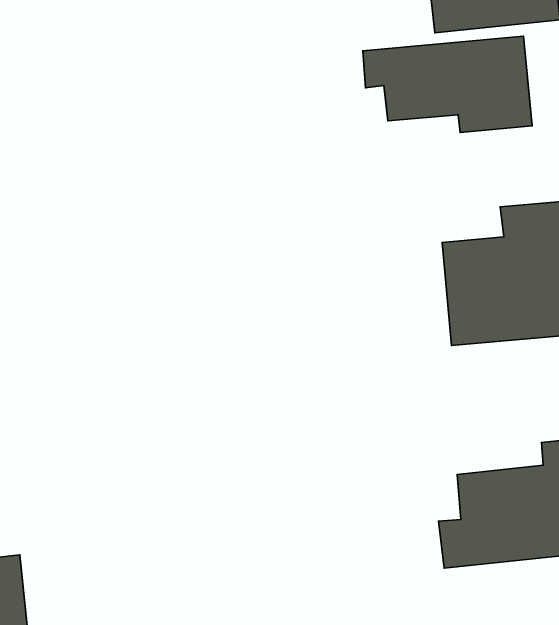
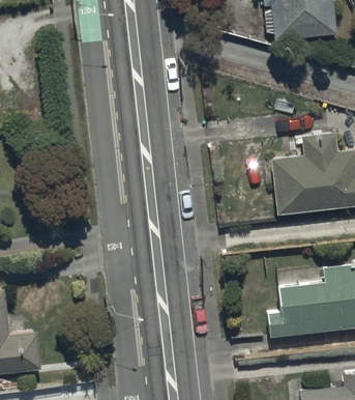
building: [363,36,532,132] -> none

